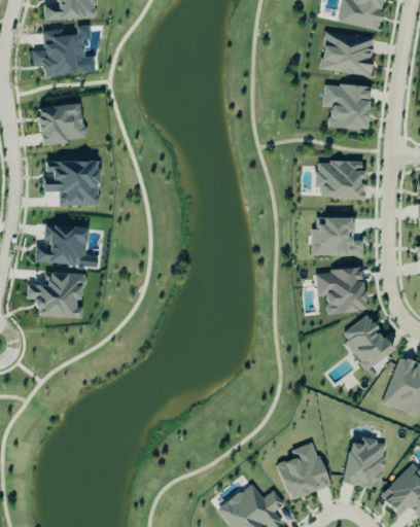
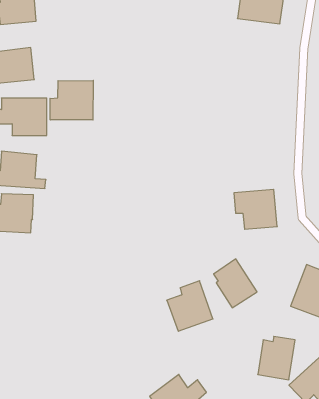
building: [323,83,371,130] -> none
building: none -> [50,80,93,120]
building: [316,161,363,199] -> none
building: [312,217,363,255] -> none
building: [343,314,393,371] -> [214,259,257,308]
building: [277,442,330,500] -> [167,281,213,331]

